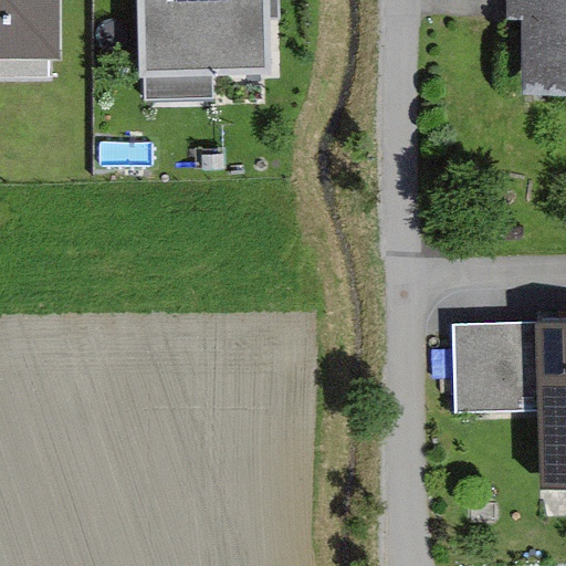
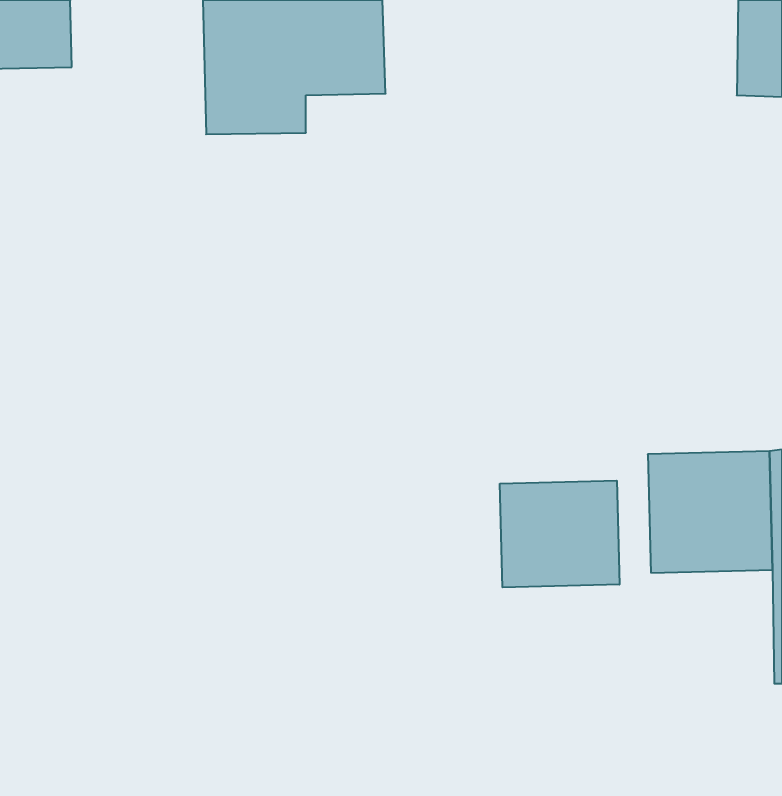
building: none -> [500,481,619,587]

